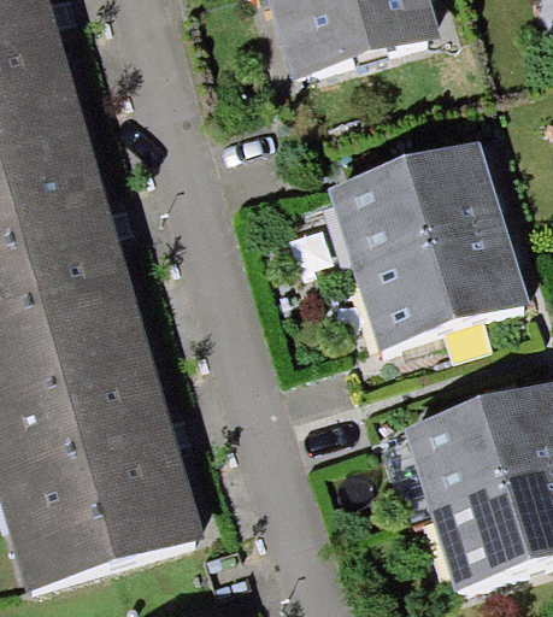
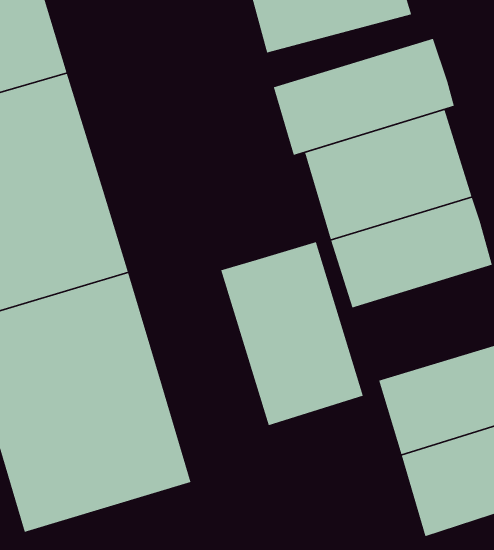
building: none -> [273,38,455,156]
building: none -> [220,241,364,426]

